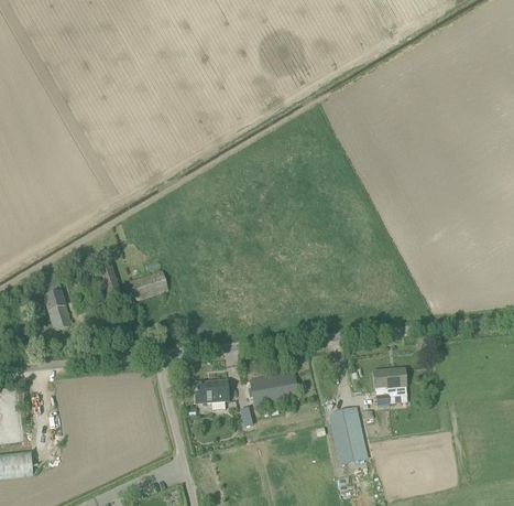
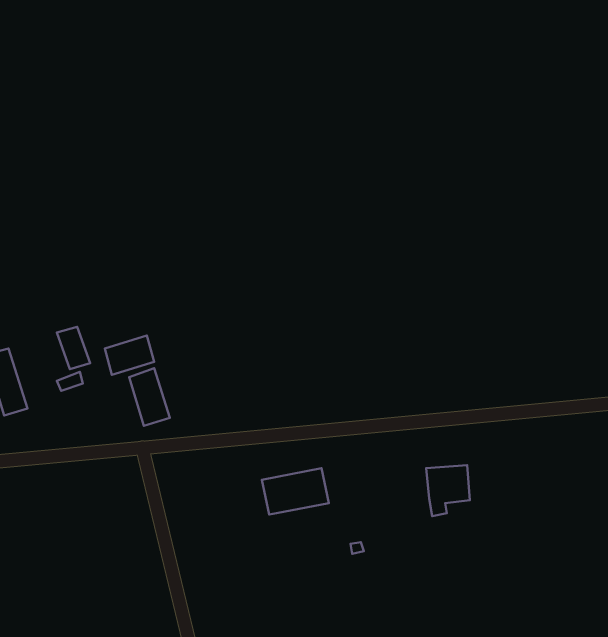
building: none -> [129,368,170,426]
building: [195,379,229,402] -> none
building: [328,408,367,464] -> none

